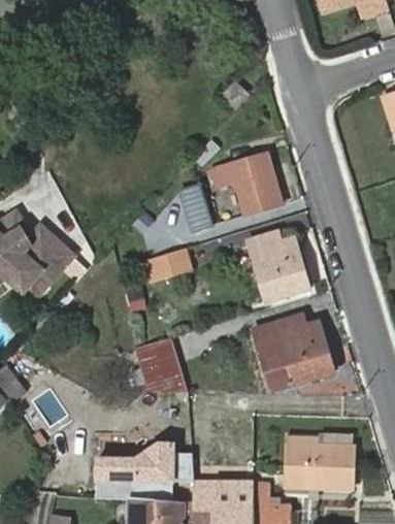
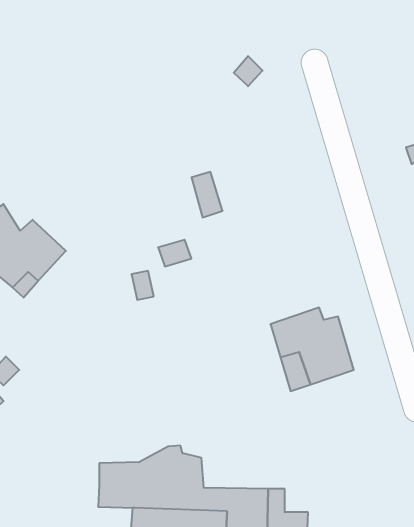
building: [212,155,281,214] -> none
building: [249,231,308,301] -> none
building: [139,342,193,393] -> none
building: [287,437,353,488] -> none

